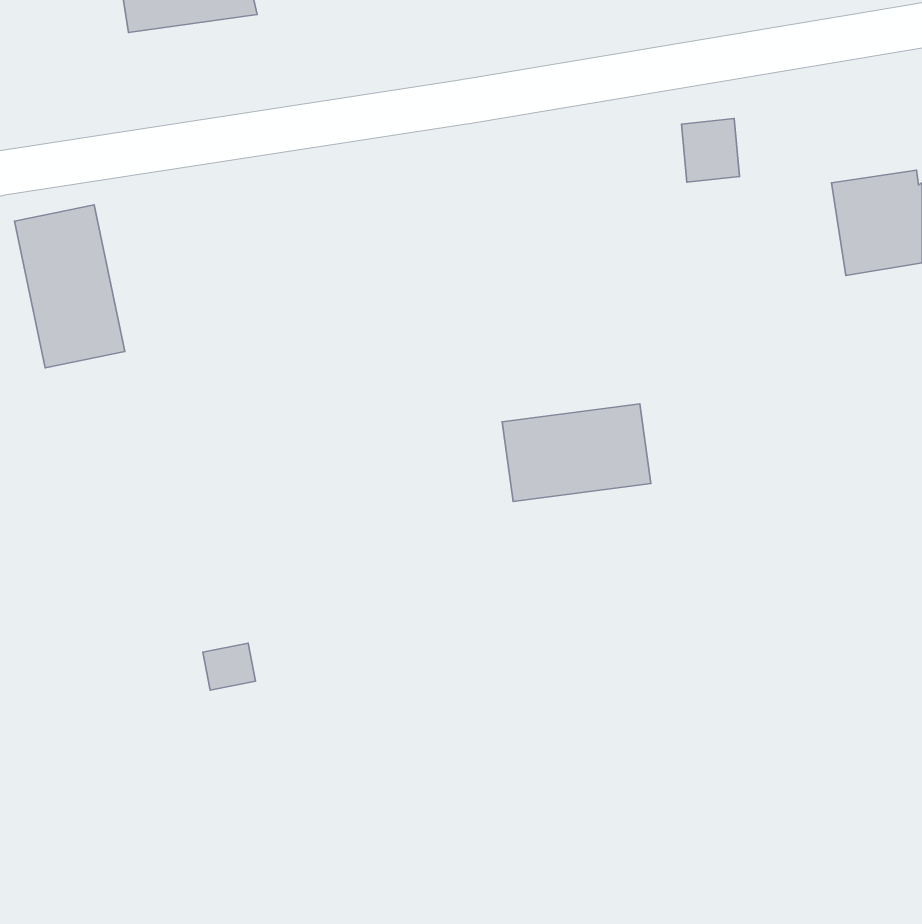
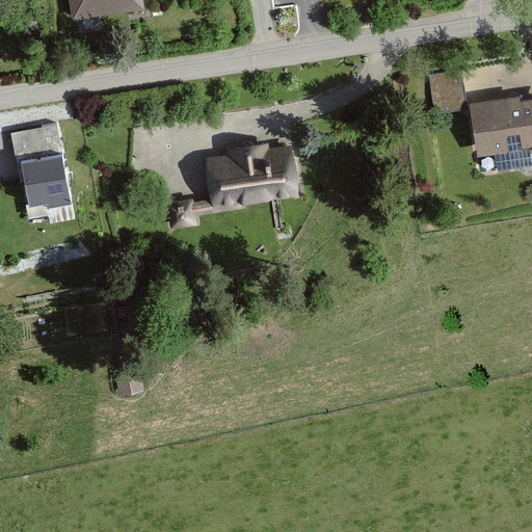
building: [682,119,739,182] -> [430,77,463,113]
building: [502,404,651,502] -> [209,149,294,205]

